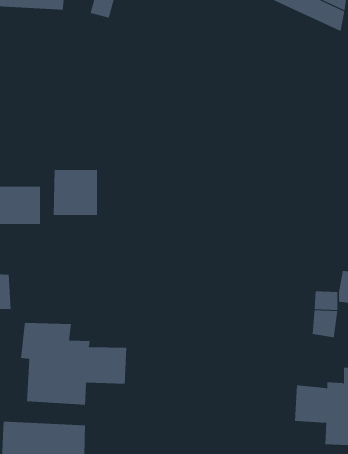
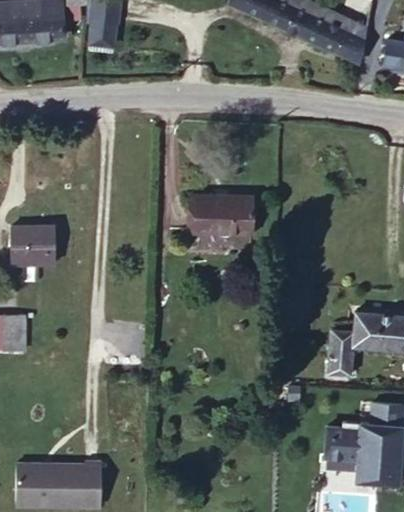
building: none -> [193,201,249,240]
building: [53,169,98,216] -> none
building: [20,322,127,405] -> none

